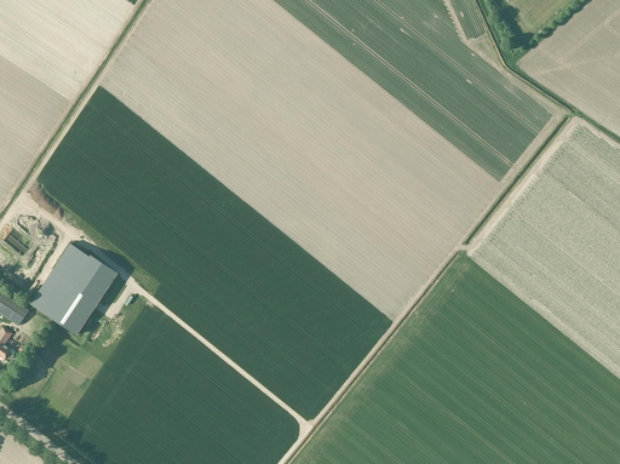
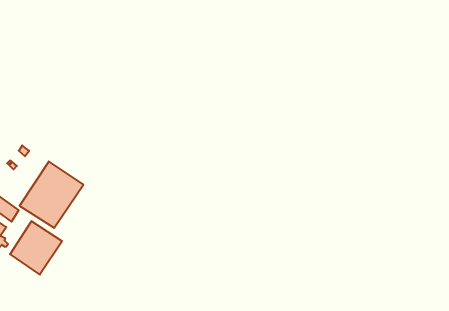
building: none -> [10,221,62,275]

